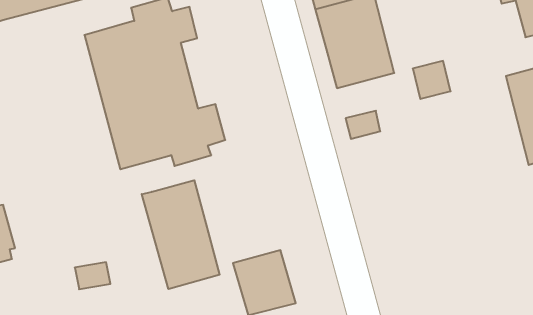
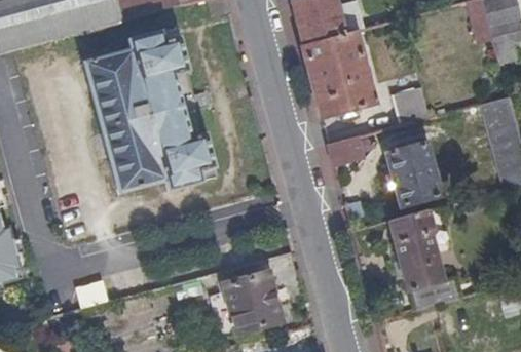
building: none -> [387,144,440,205]
building: [142,180,220,289] -> none
building: none -> [390,206,462,306]

